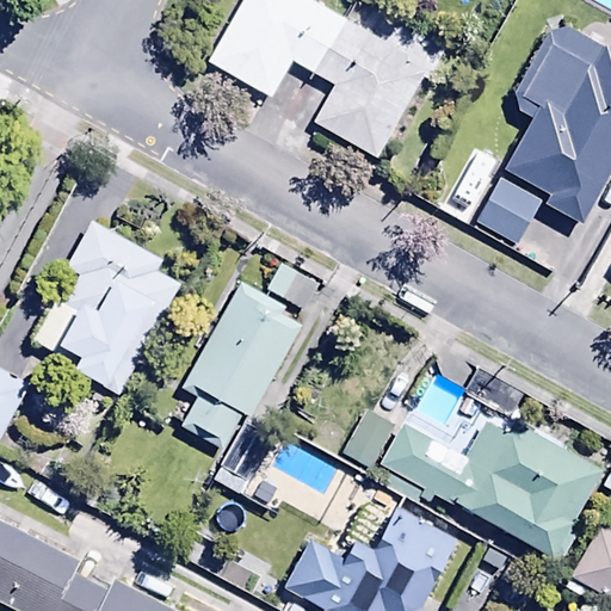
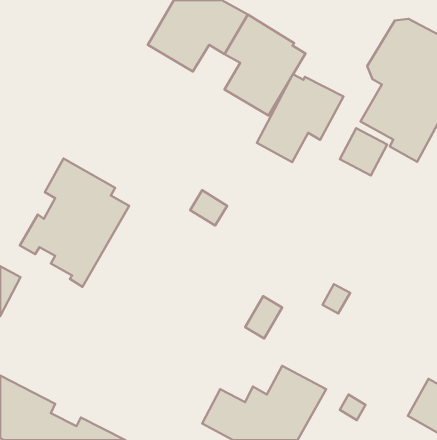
building: none -> [257,74,343,162]
building: [180,282,303,451] -> none
building: [379,420,601,563] -> none

